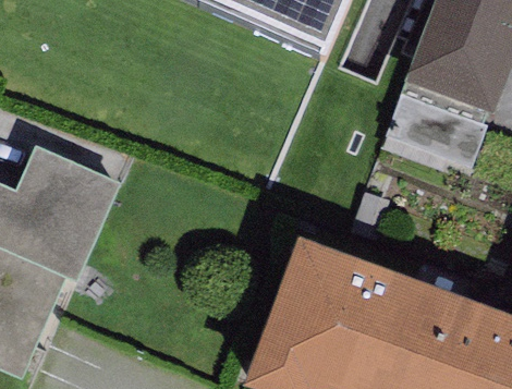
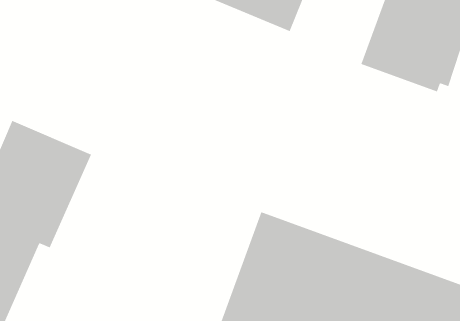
building: [387,84,488,158] -> none

